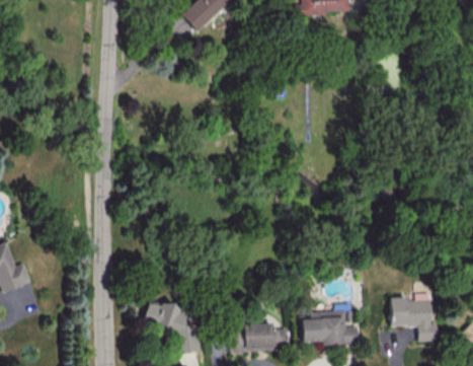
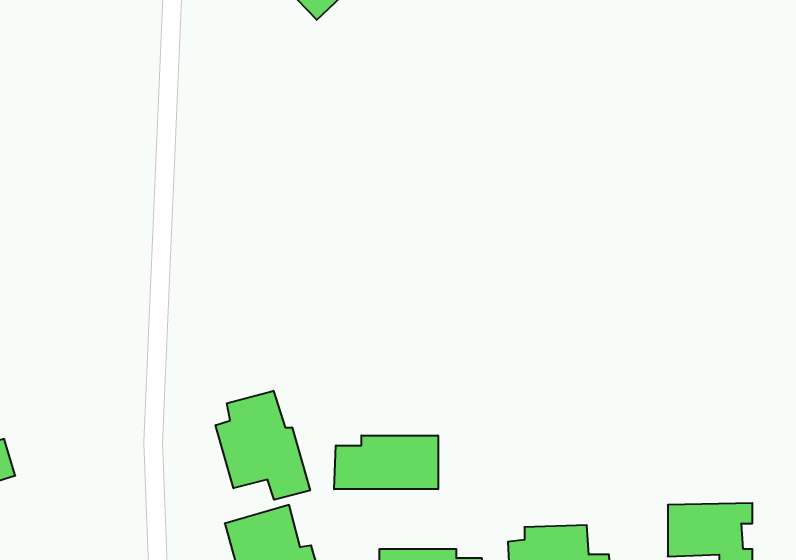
building: none -> [216,391,310,500]
building: none -> [334,435,438,489]

